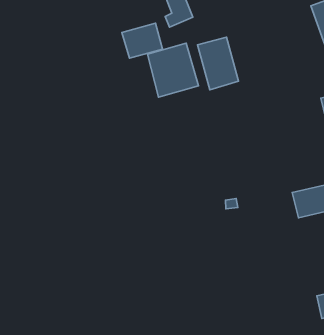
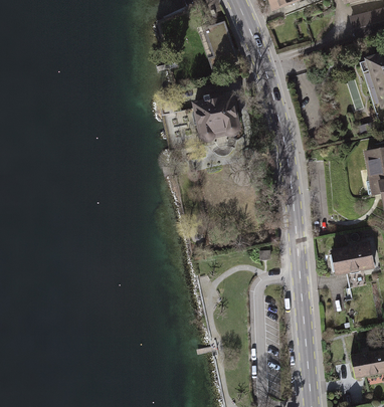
building: [122,23,162,58] -> none
building: [197,37,238,90] -> none

